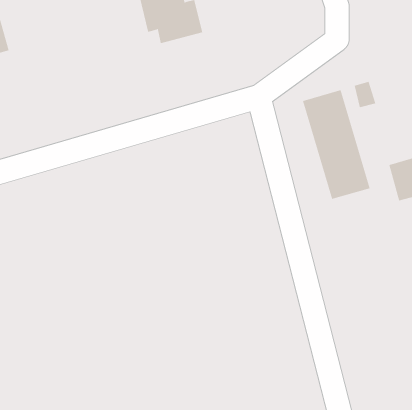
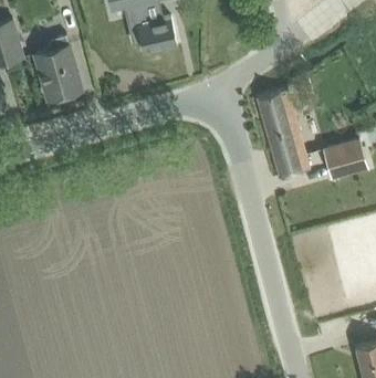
building: none -> [34,35,82,99]

